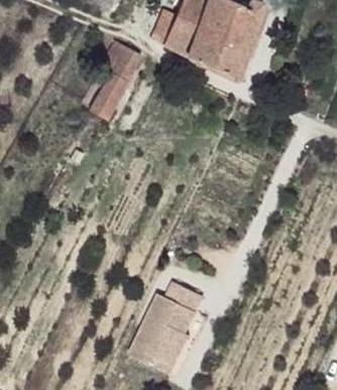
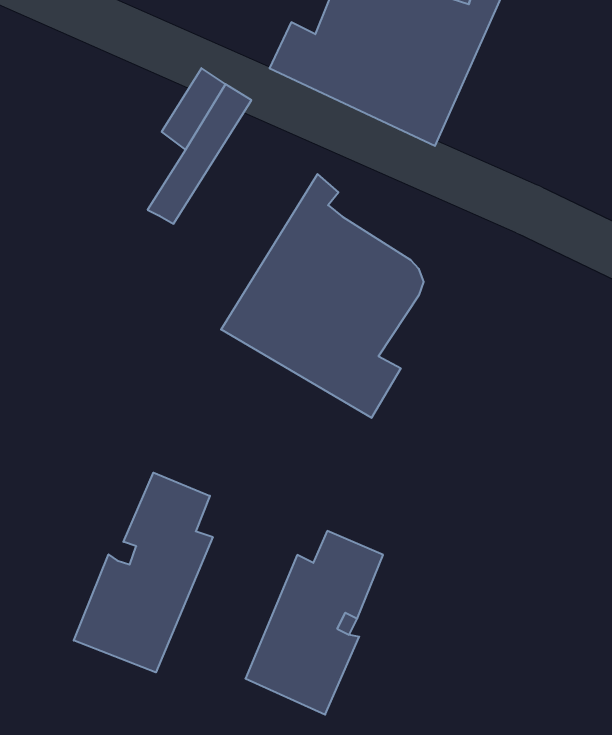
building: none -> [221,174,424,418]
building: none -> [74,473,213,672]

